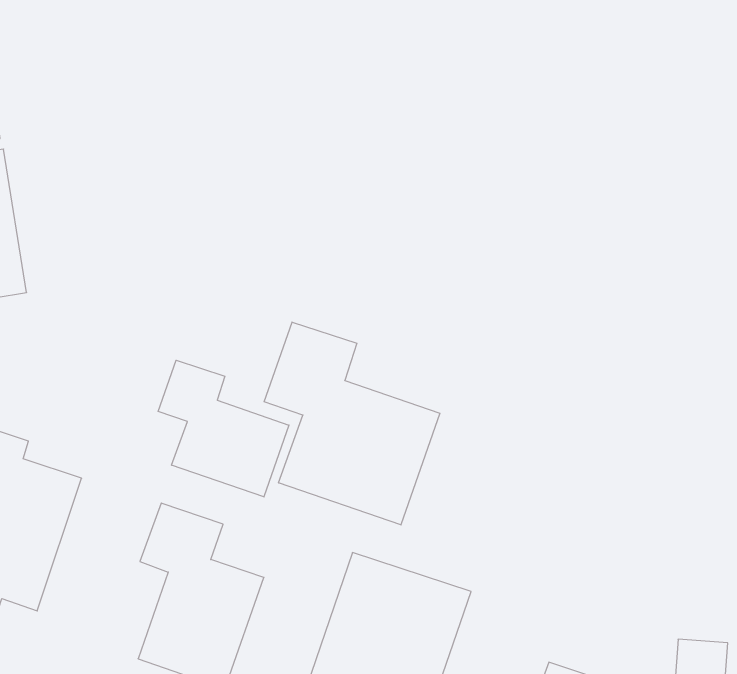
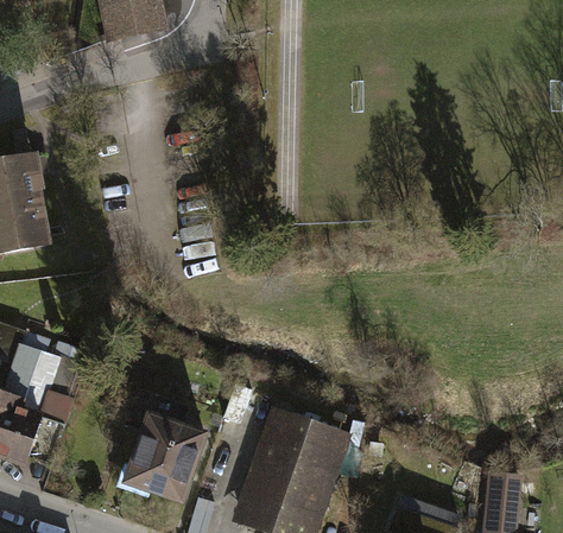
building: [264,322,440,525] -> none
building: [158,360,289,497] -> none

